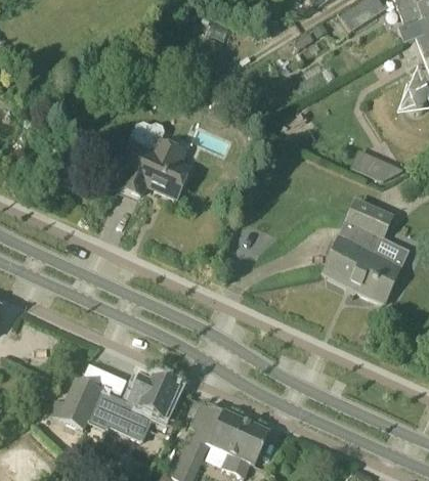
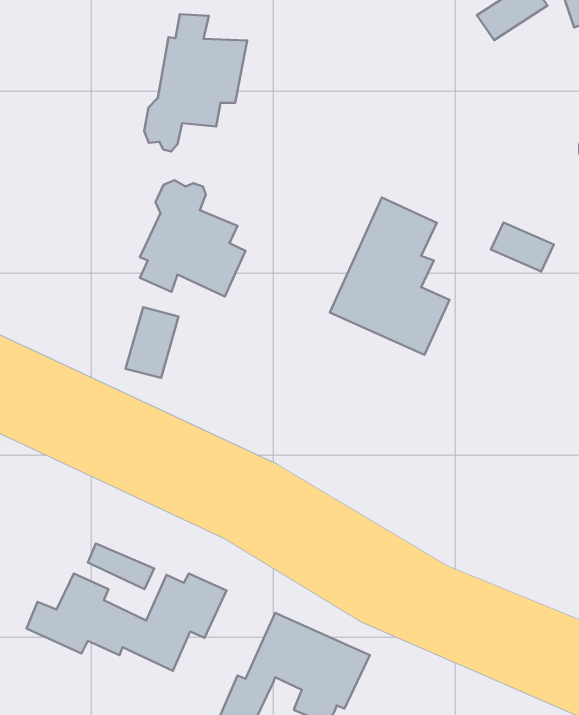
building: none -> [144,14,247,151]
building: [323,200,400,302] -> [330,198,450,355]
building: none -> [126,307,179,378]

